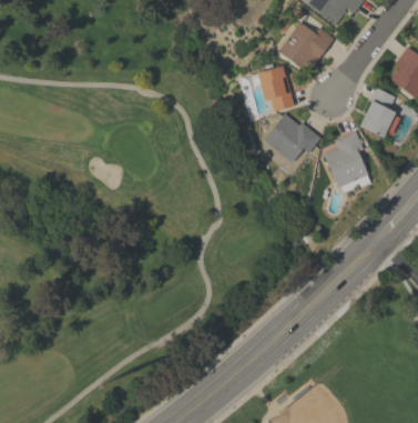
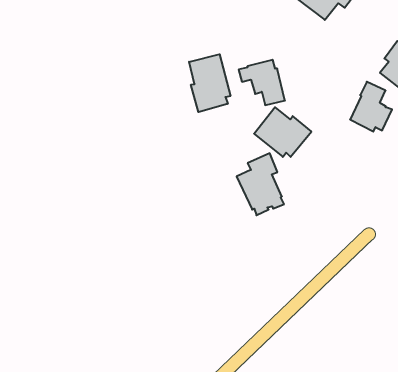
building: [278,22,333,70] -> none
building: none -> [189,54,230,112]
building: [323,131,370,193] -> [237,153,284,215]

